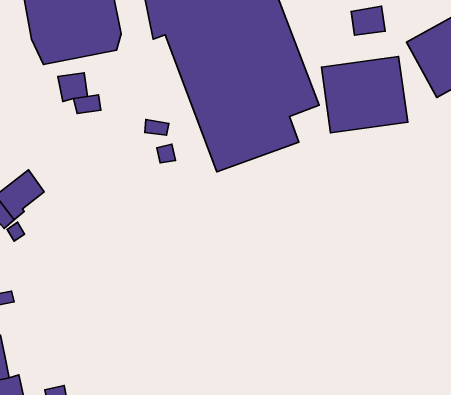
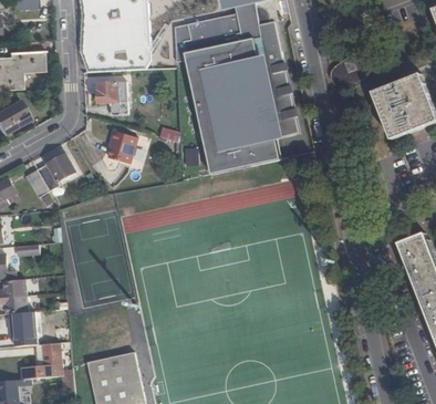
building: [321,56,408,133] -> none
building: none -> [107,130,135,163]

